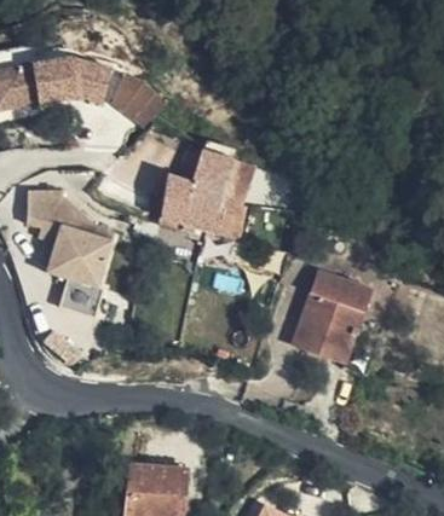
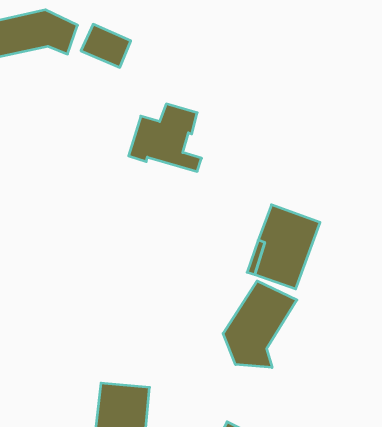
building: [27,189,117,314] -> none
building: none -> [223,281,297,368]

